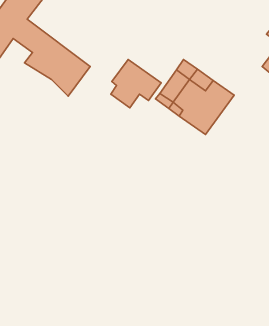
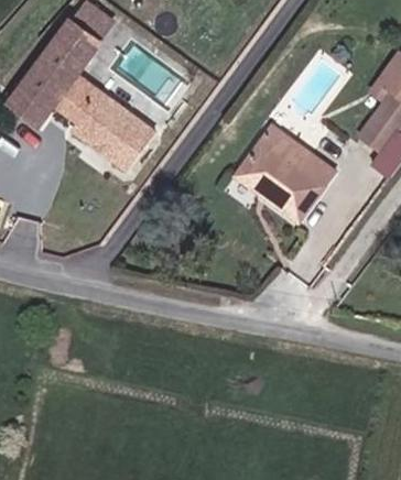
building: [111,60,161,108] -> none

